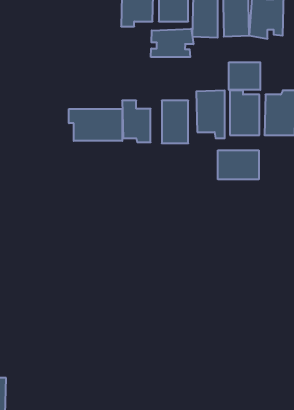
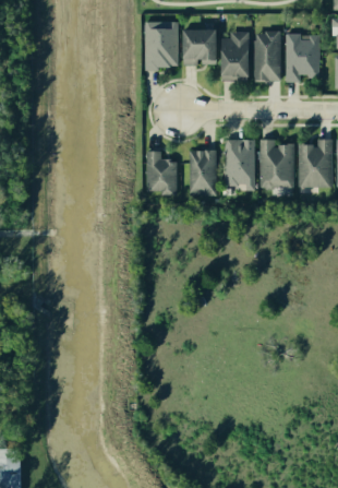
building: [151,29,193,57] -> none
building: [229,62,260,90] -> none
building: [69,109,122,141] -> none
building: [218,150,259,179] -> none

